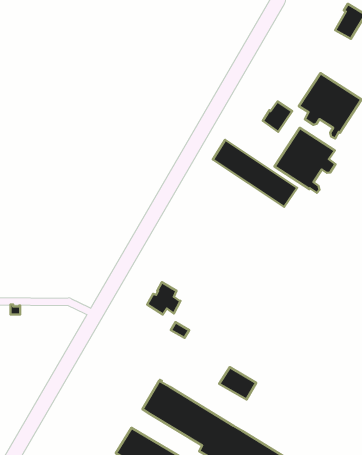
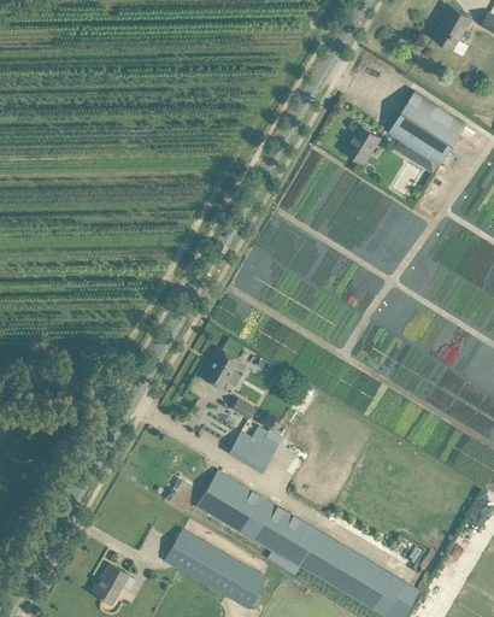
building: [274,128,335,193] -> none
building: [213,140,297,207] -> none
building: [219,367,256,399] -> [228,430,274,470]

